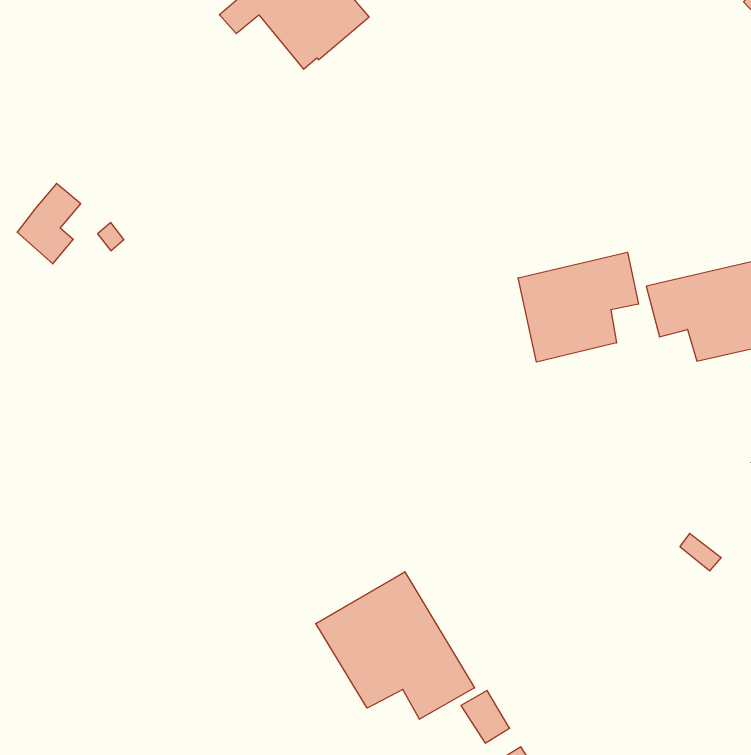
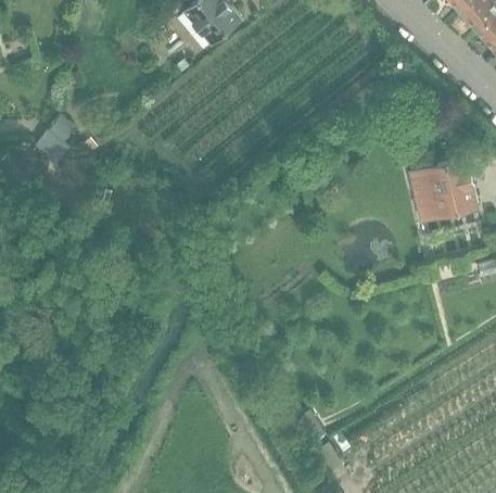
building: [518,252,638,362] -> none
building: [316,572,475,719] -> none

